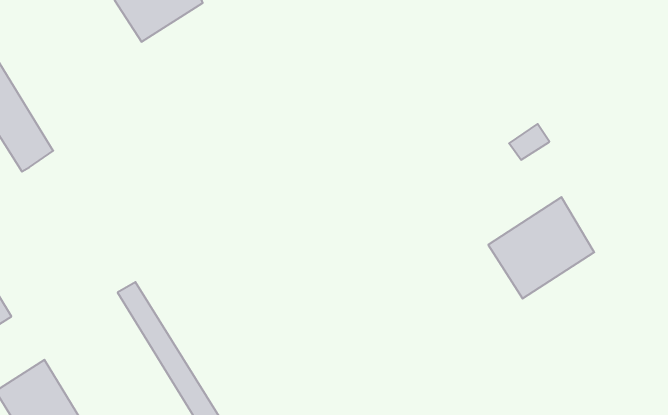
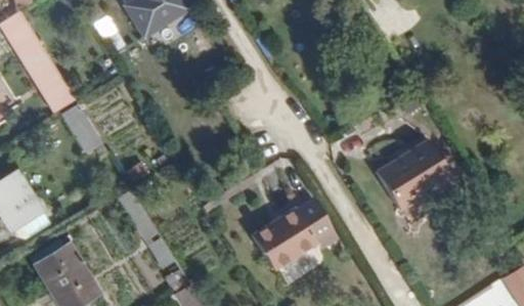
building: none -> [62,105,106,161]
building: none -> [250,195,333,267]

